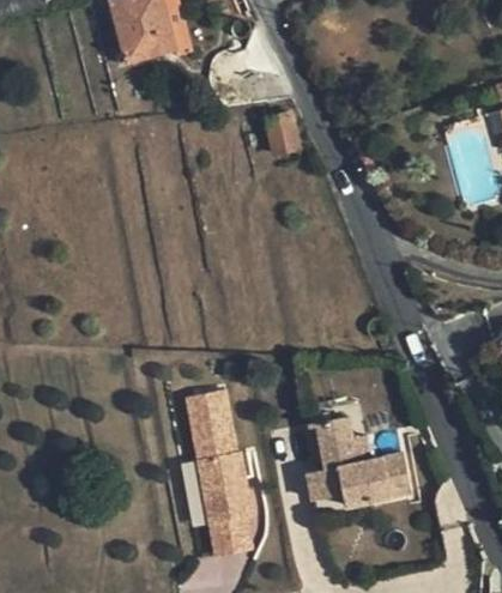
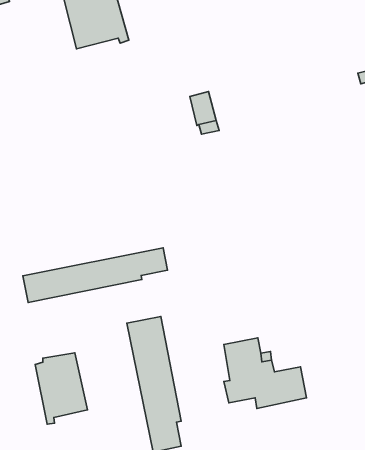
building: none -> [23,248,167,303]
building: none -> [35,353,87,424]

